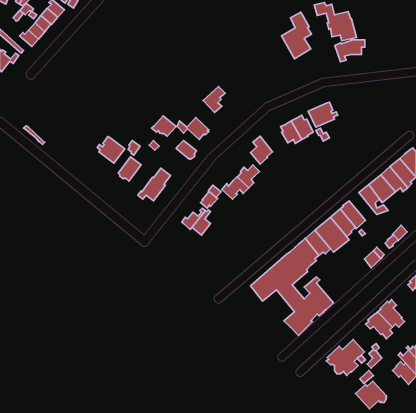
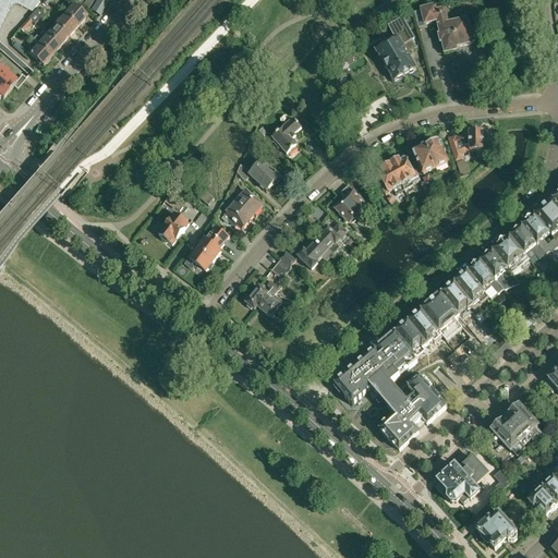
building: [335,40,365,62] -> [447,128,487,157]
building: [152,116,176,136] -> [220,198,253,226]
building: [97,136,125,163] -> none
building: none -> [466,257,502,291]

